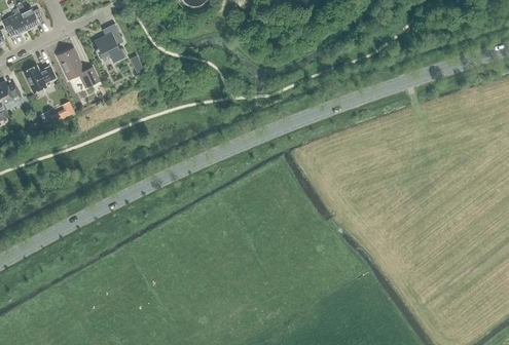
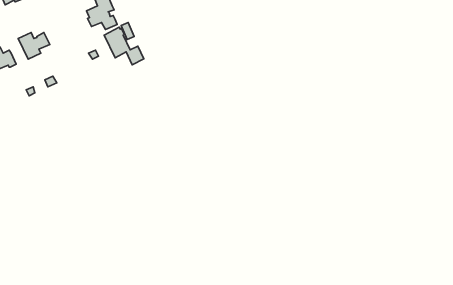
building: [57,47,98,86] -> [104,27,144,65]

